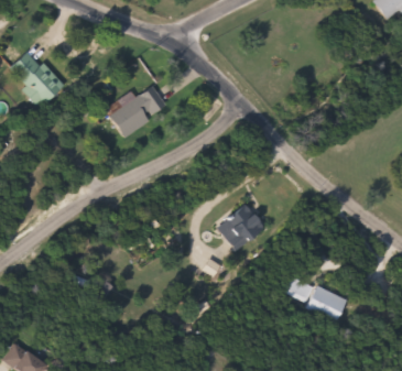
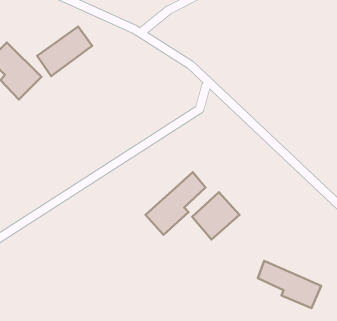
building: [110,86,166,137] -> [37,27,92,76]
building: none -> [146,172,206,235]

